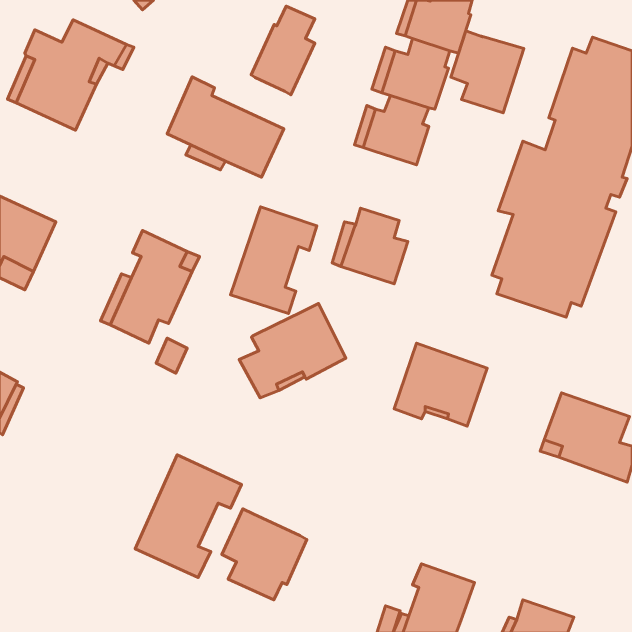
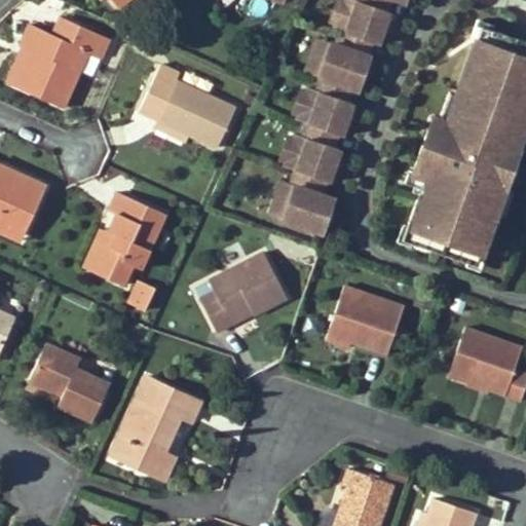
building: [251,6,315,95] -> none
building: [451,31,524,113] -> none
building: none -> [290,126,344,185]
building: [231,207,317,314] -> none
building: none -> [29,344,110,421]
building: [222,509,307,600] -> none

